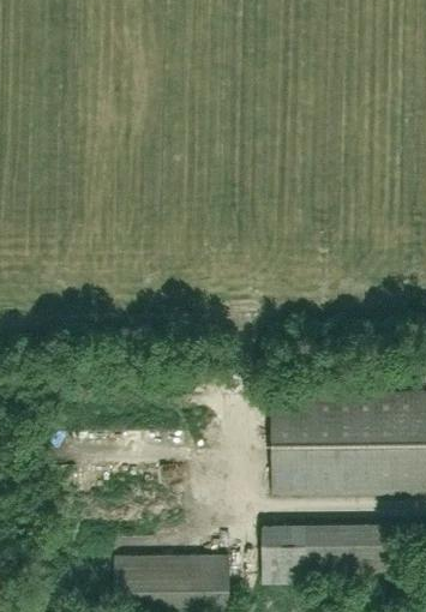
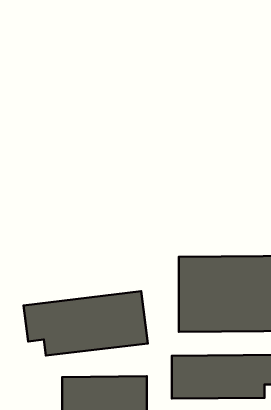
building: none -> [23,291,148,356]

